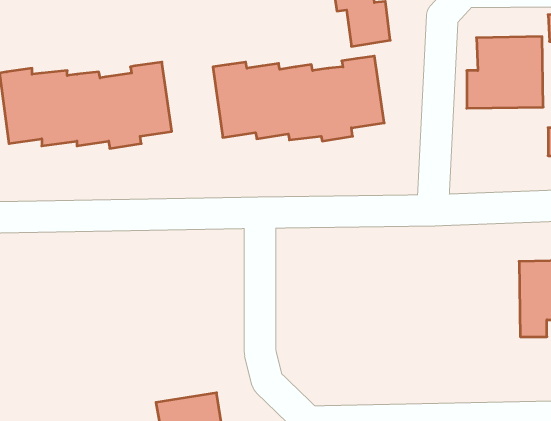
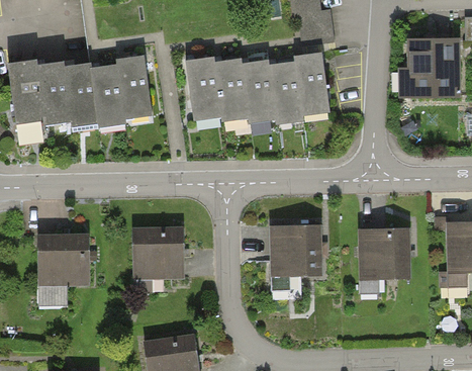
building: none -> [267,226,319,290]
building: none -> [130,227,184,292]
building: none -> [356,229,408,292]
building: none -> [36,231,90,307]

